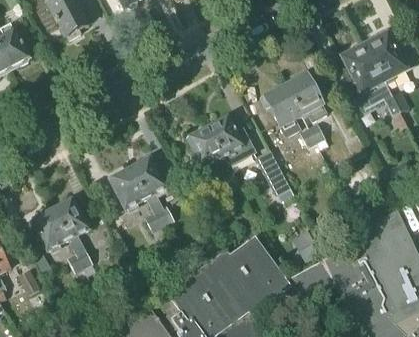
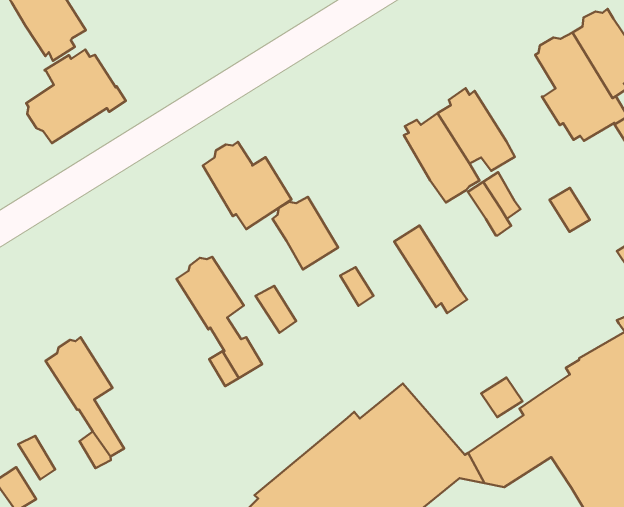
building: none -> [26,50,126,143]
building: [208,115,257,165] -> [203,142,292,229]
building: [109,168,146,209] -> none
building: [31,209,68,250] -> none

